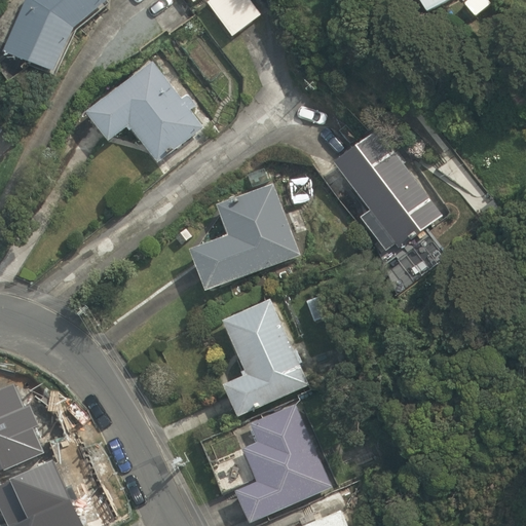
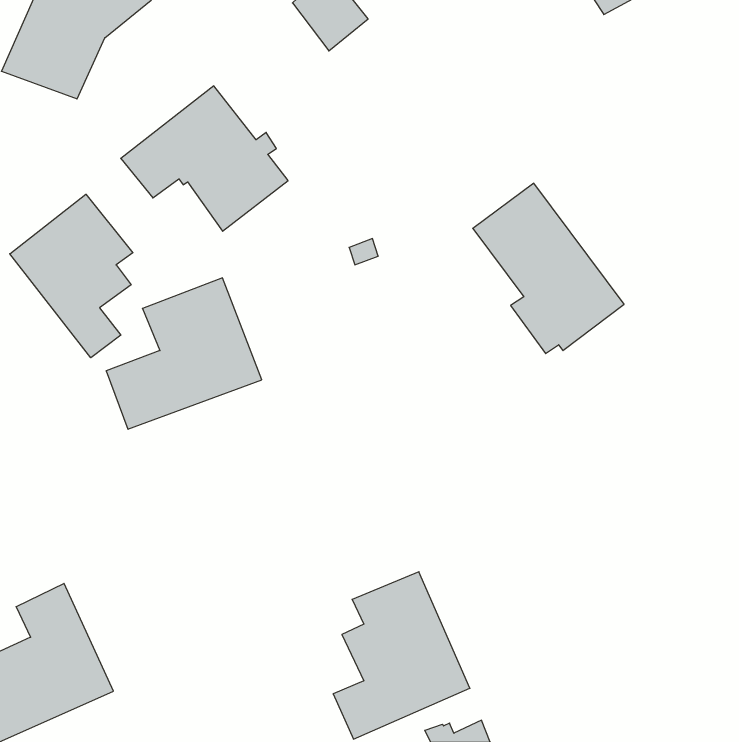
building: none -> [10,194,133,358]
building: [190,183,300,290] -> [106,278,262,429]
building: [222,298,308,416] -> none

